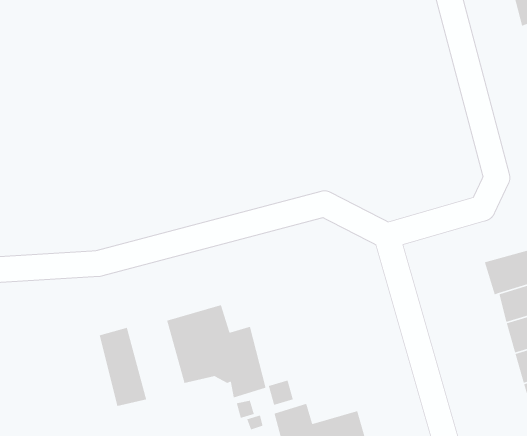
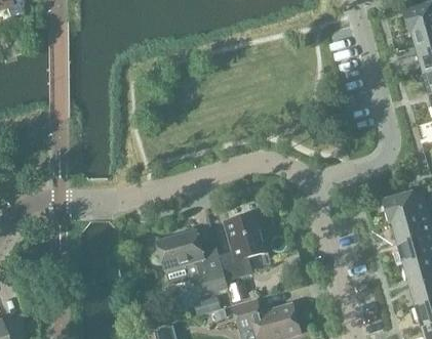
building: none -> [221,212,268,279]
building: [99,327,147,407] -> none

